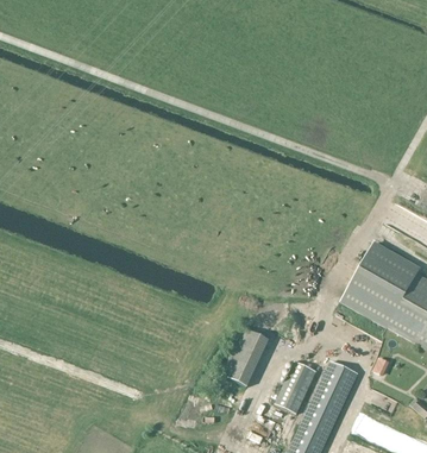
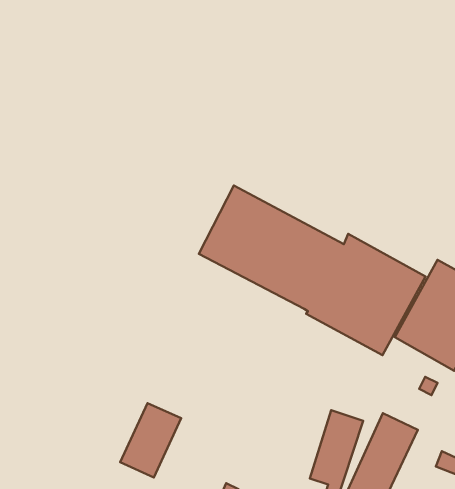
building: none -> [199,186,426,355]
building: [221,328,269,386] -> [120,403,181,478]

